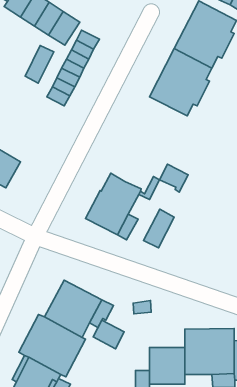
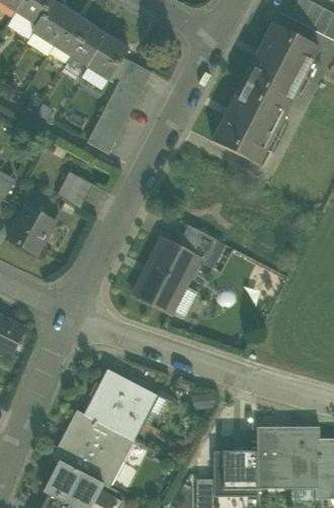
building: [25,46,54,83] -> none
building: none -> [58,169,93,204]
building: [159,164,188,192] -> [182,227,218,261]
building: [143,209,174,248] -> none
building: [93,320,124,349] -> none

